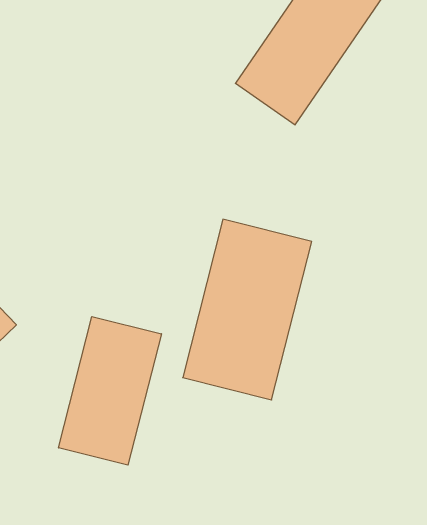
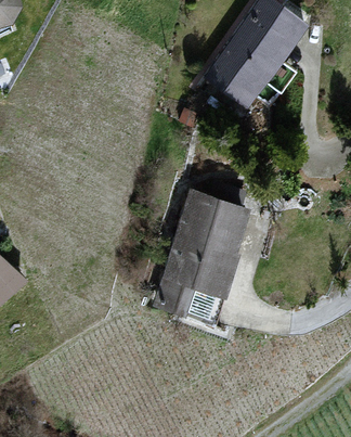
building: [59,317,161,465] -> none

